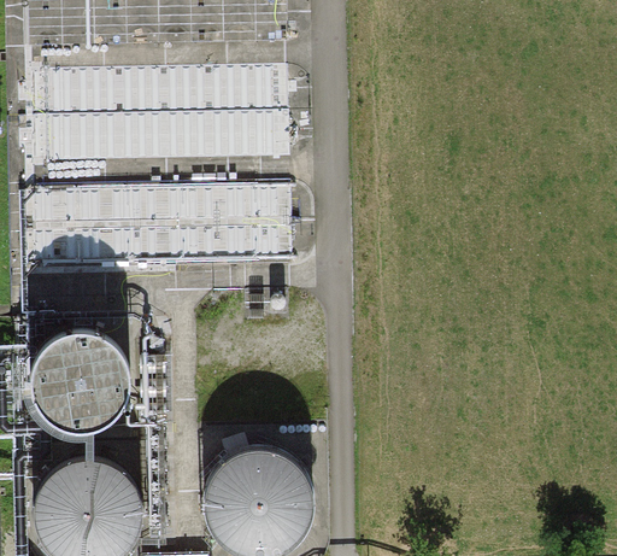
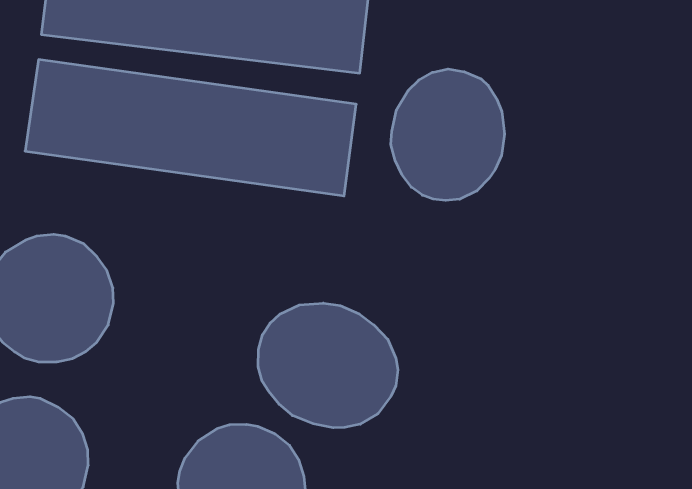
building: none -> [391,69,504,200]
building: none -> [258,303,398,428]

